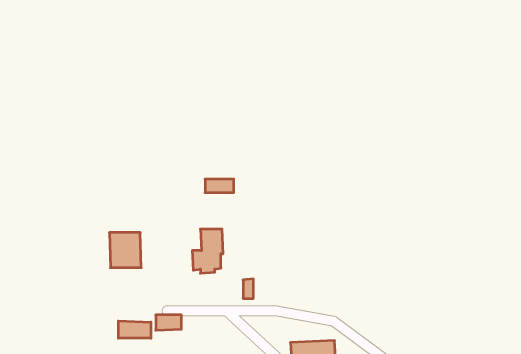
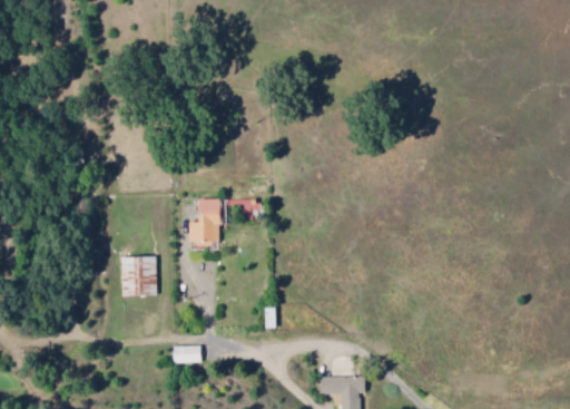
building: [192,229,223,273] -> [189,198,223,246]
building: [118,321,151,338] -> none

